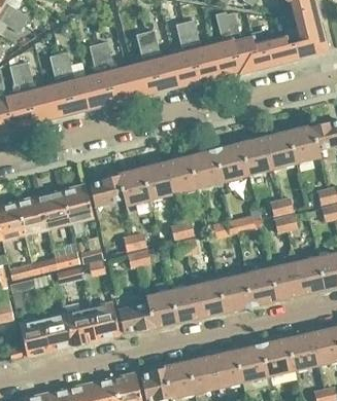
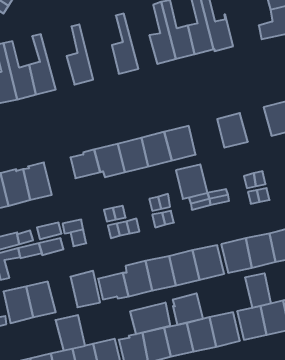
building: [144,30,179,90] -> none
building: [250,32,289,67] -> none
building: [98,42,133,102] -> none
building: [58,51,93,112] -> none
building: [266,131,299,167] -> none
building: [216,143,249,179] -> [176,164,207,199]
building: [61,184,93,222] -> none
building: none -> [245,273,271,308]
building: [65,307,96,344] -> [55,315,85,351]
building: none -> [173,293,203,325]
building: none -> [130,302,170,334]

